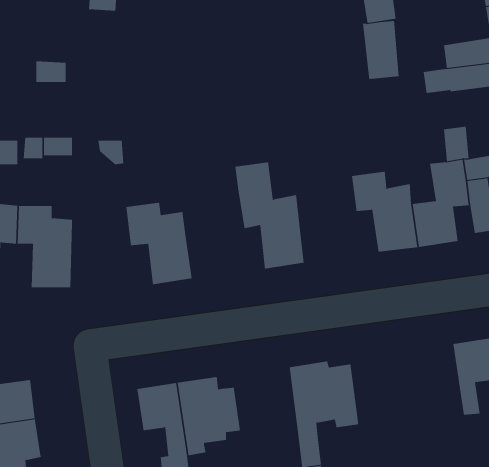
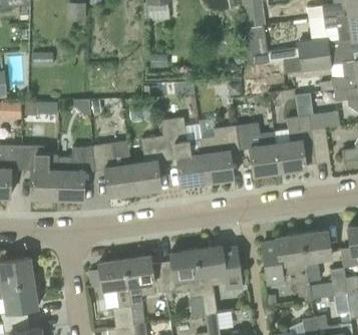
building: none -> [202,126,240,183]
building: none -> [130,135,167,193]
building: none -> [56,146,94,200]
building: none -> [262,235,311,301]
building: none -> [161,250,203,298]

